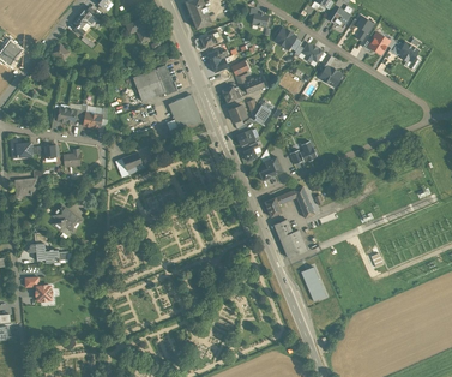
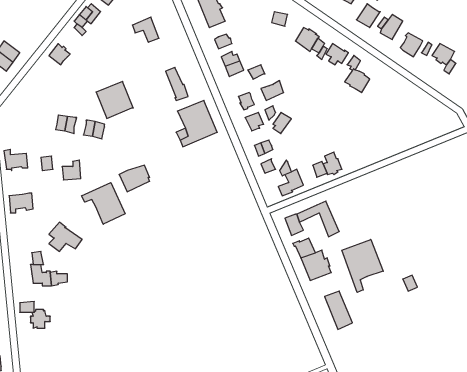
building: [132,67,165,101] -> [96,81,133,118]
building: none -> [82,183,125,224]
building: none -> [342,239,383,292]

